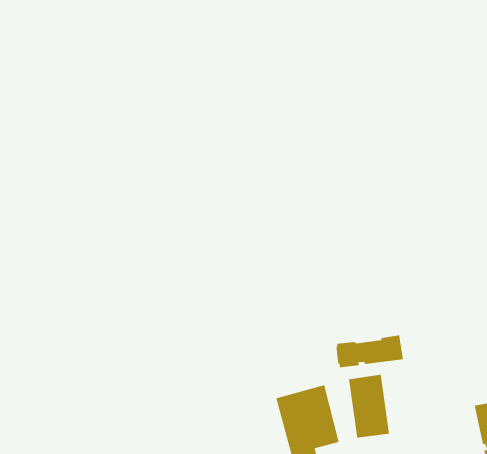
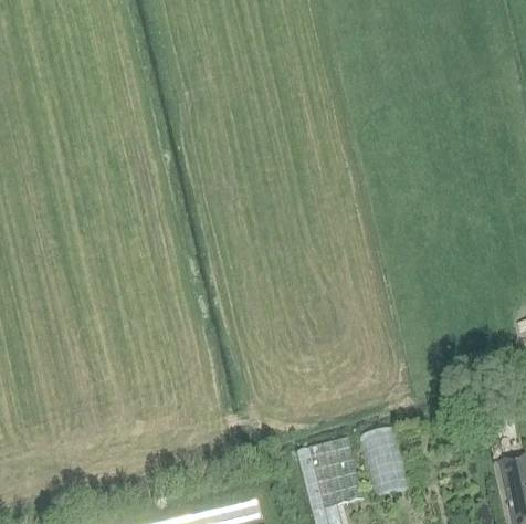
building: [336,334,403,368] -> none

